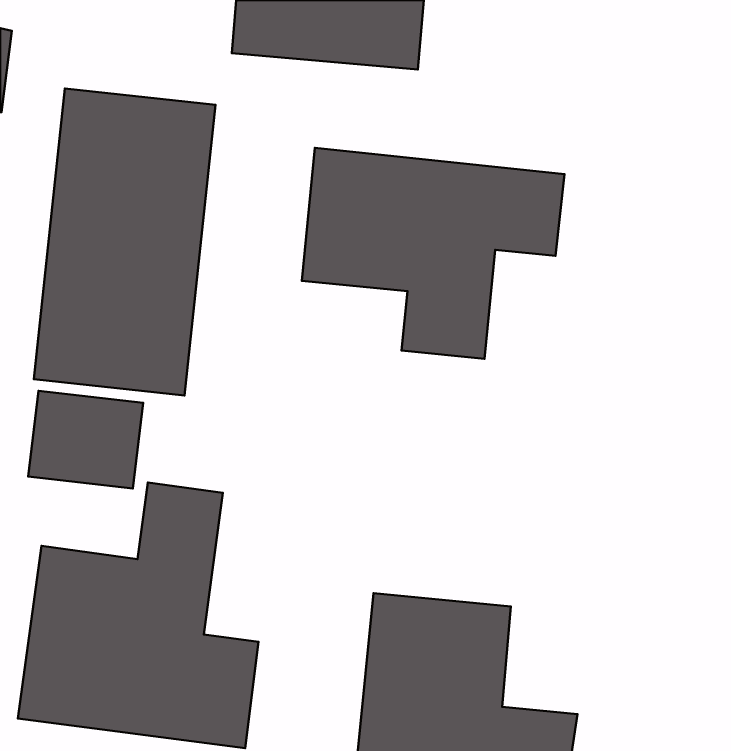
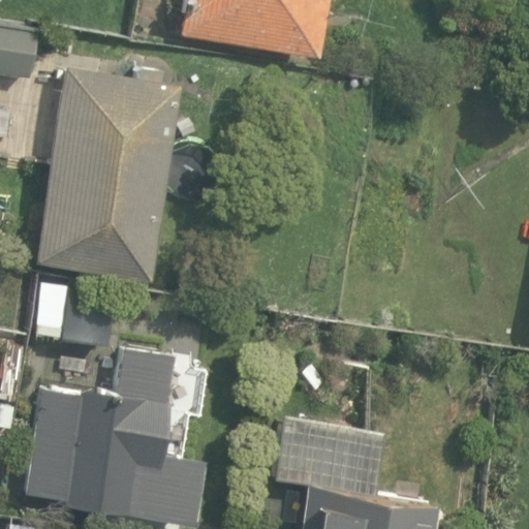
building: [302,148,565,359] -> none

